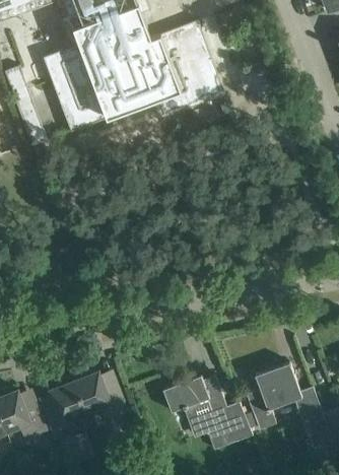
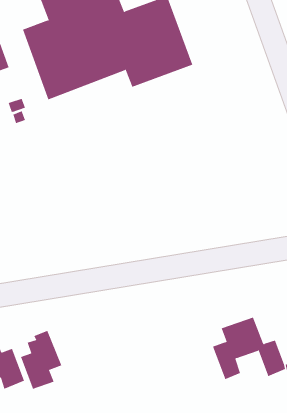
building: [71,369,128,421] -> none
building: [162,376,251,450] -> none

